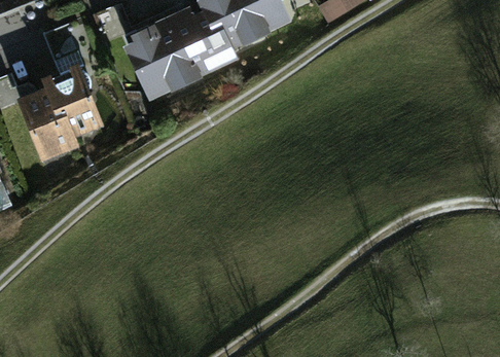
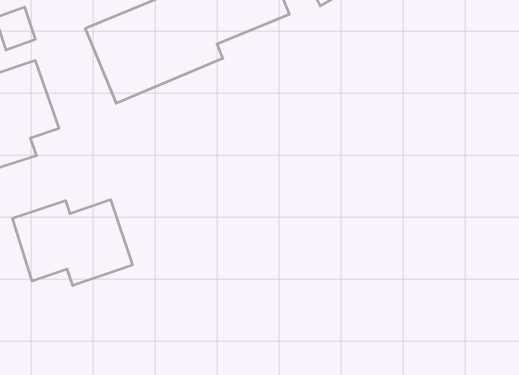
building: none -> [13,200,132,286]

